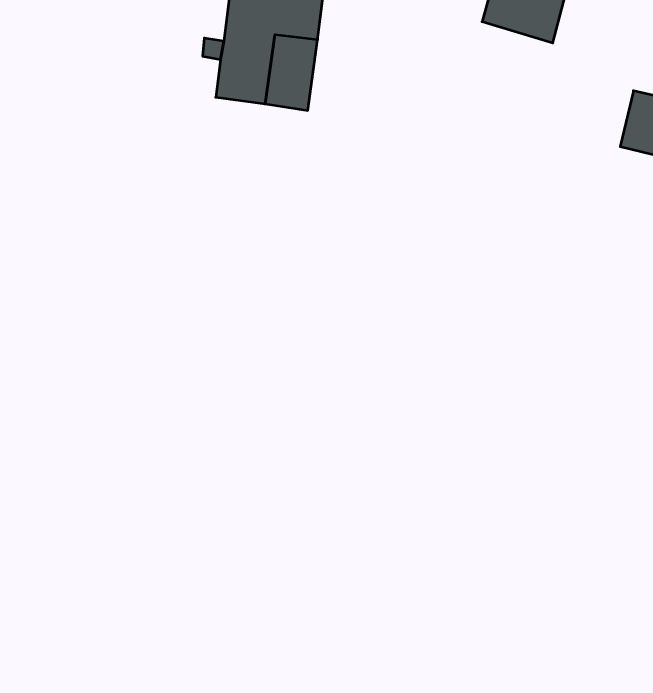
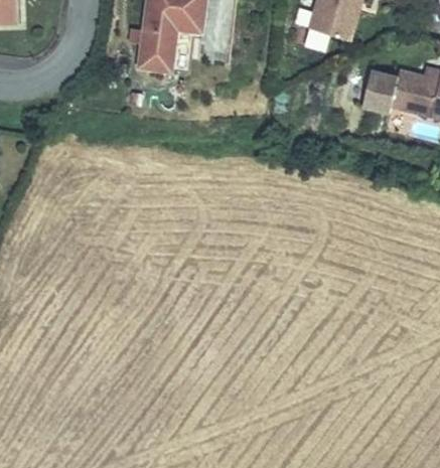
building: none -> [355,66,396,115]

